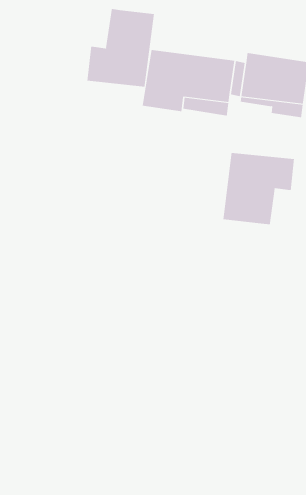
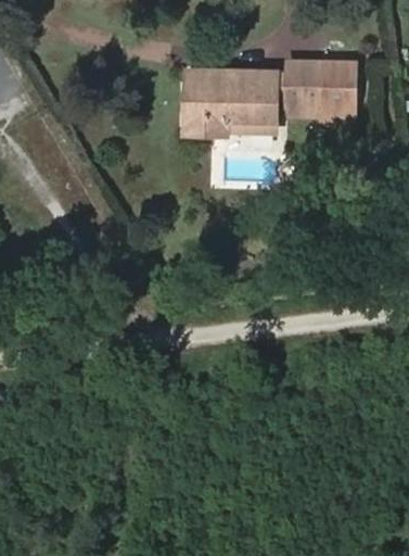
building: [87,8,155,88] -> none
building: [223,152,294,225] -> none

